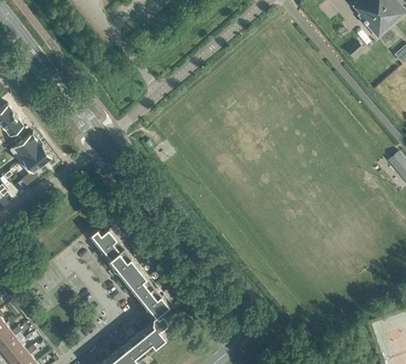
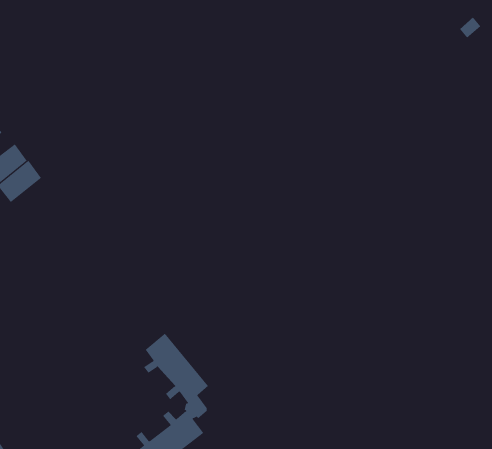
building: [90,228,138,278] -> none

